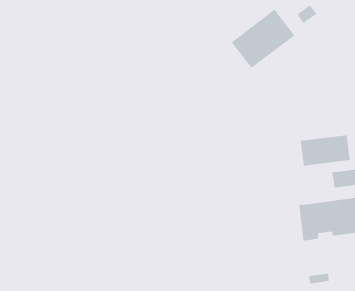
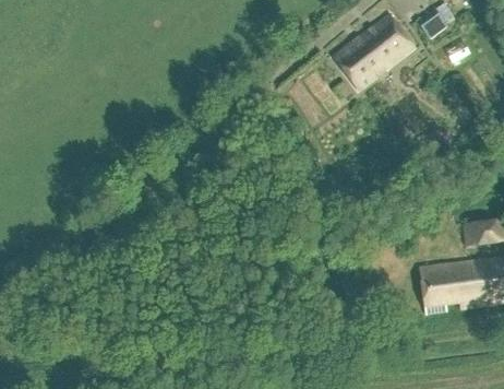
building: [300,135,350,166] -> none

